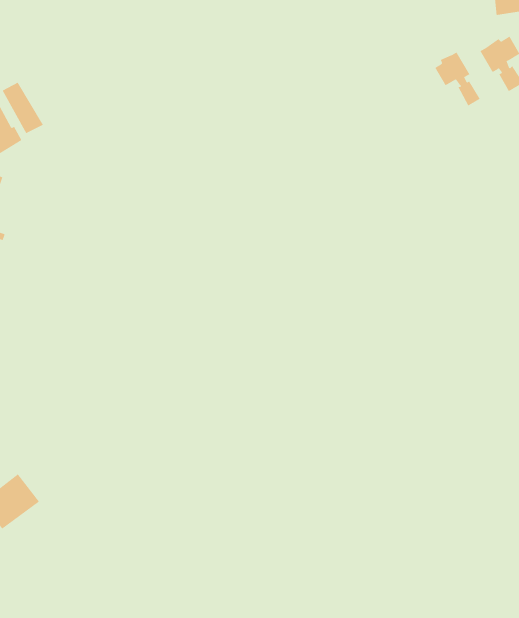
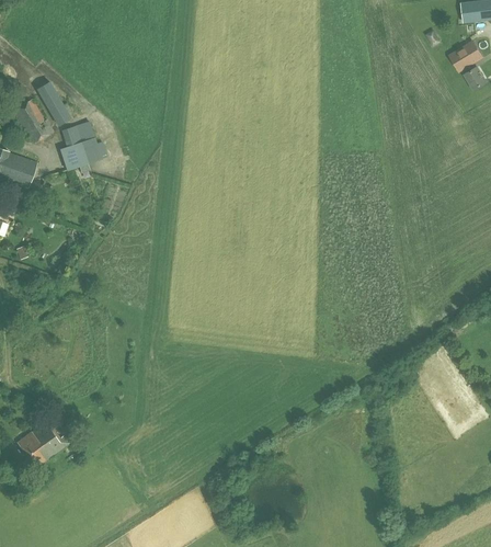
building: [434,51,480,106] -> none
building: none -> [59,121,100,169]

